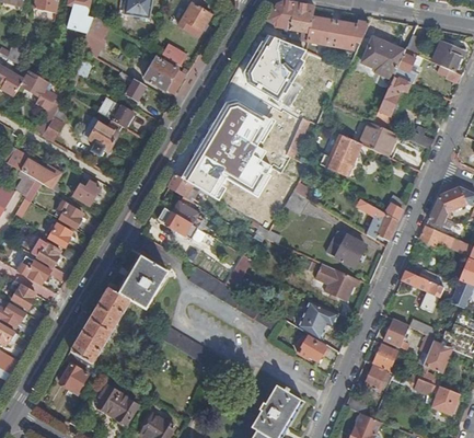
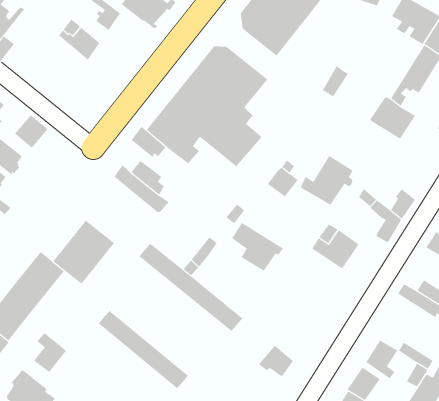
building: [83,118,122,154] -> none
building: [319,134,361,174] -> [300,155,353,205]
building: [314,263,358,300] -> [231,222,284,271]
building: [296,299,337,341] -> none
building: none -> [33,332,67,373]

